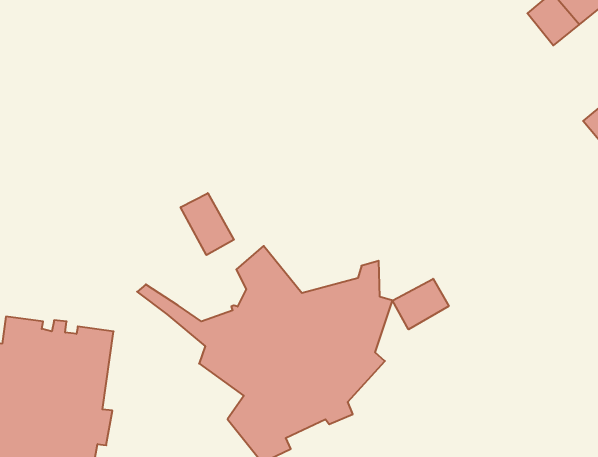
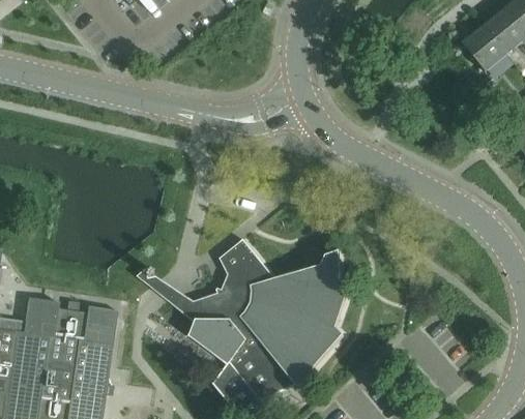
building: [181,193,234,255] -> none
building: [392,279,449,329] -> none

